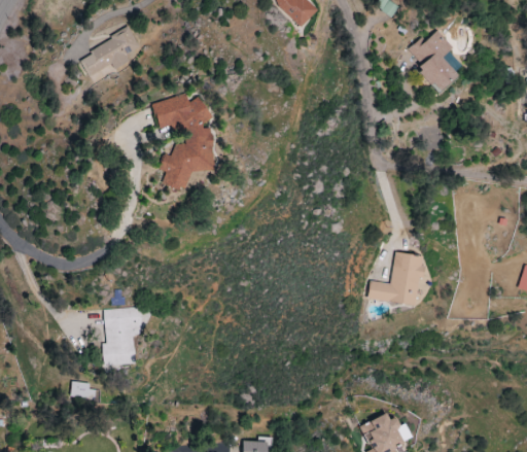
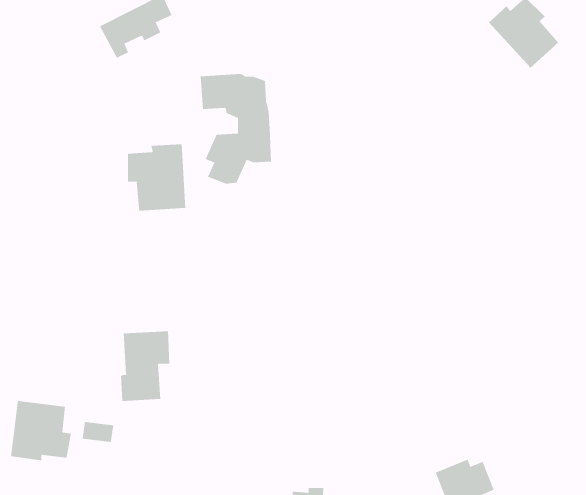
building: none -> [127,144,186,211]
building: [367,252,423,306] -> none
building: none -> [10,400,72,461]

